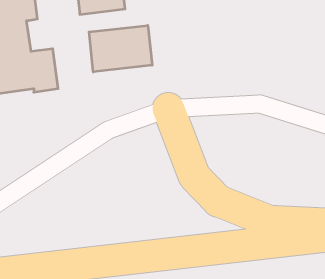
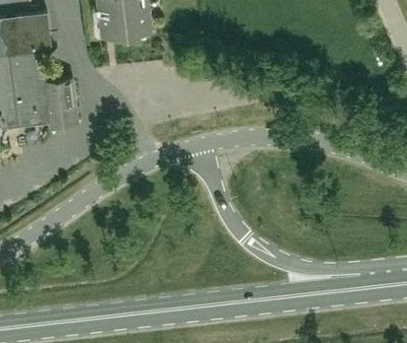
building: [89,25,152,72] -> none

